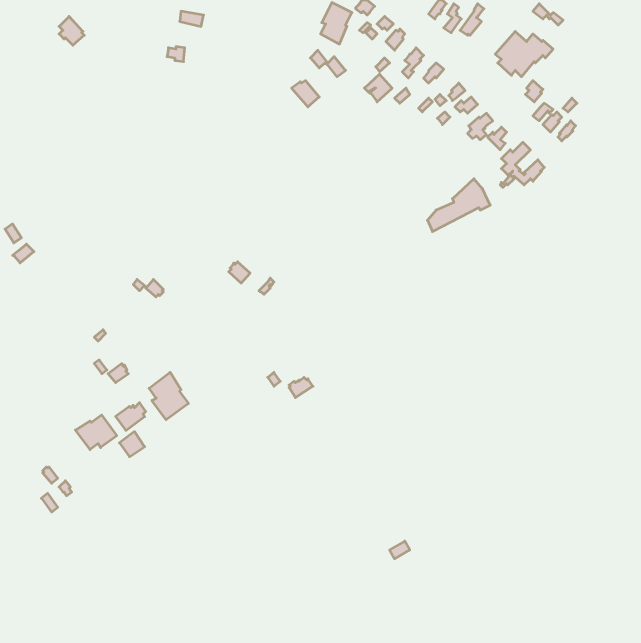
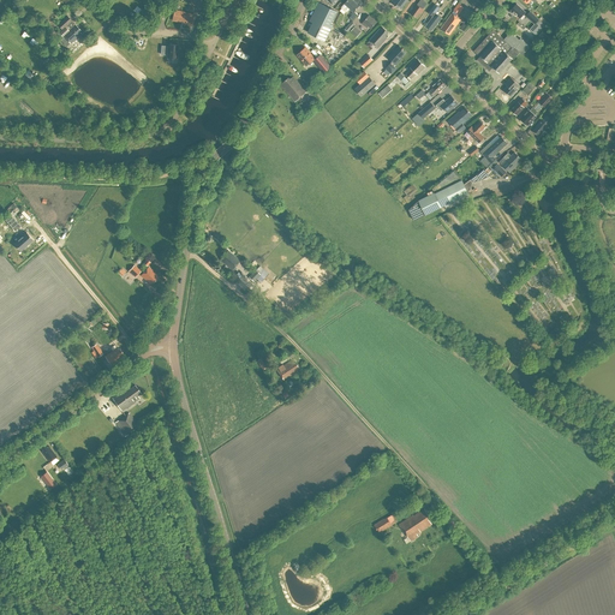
building: [149,372,188,420] -> none
building: [75,415,117,450] -> none
building: none -> [398,508,431,541]

